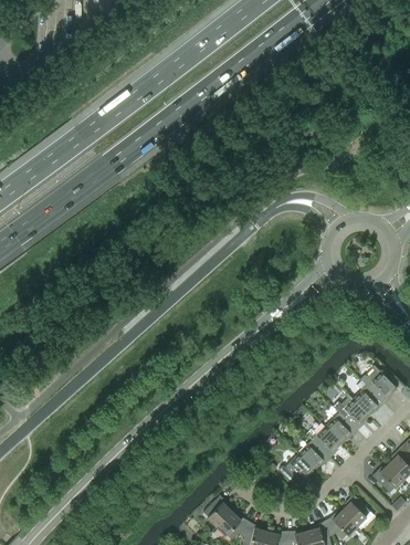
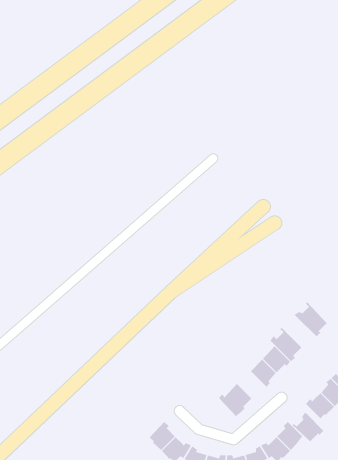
building: [353,380,383,415] -> none
building: [297,440,329,470] -> none
building: none -> [292,412,324,442]

